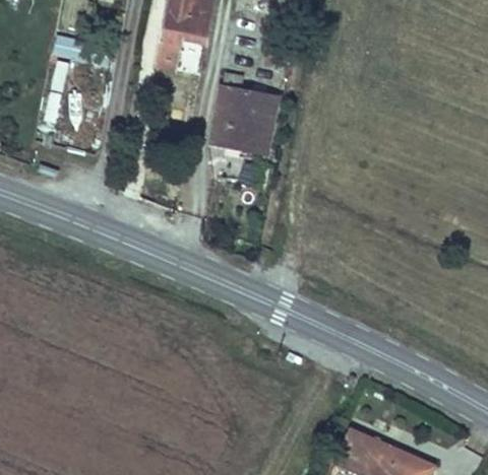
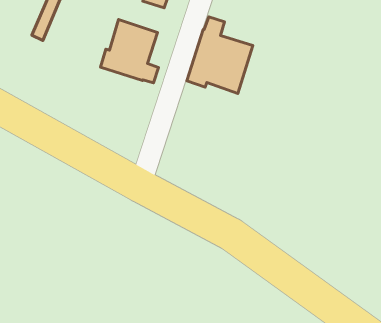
building: none -> [100,20,158,83]

